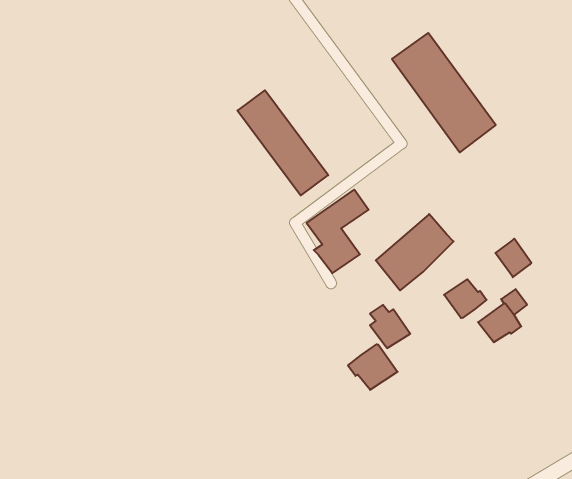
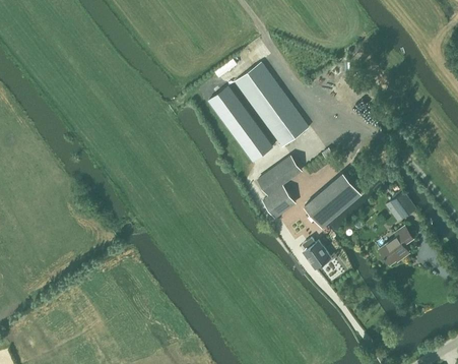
building: [392,33,496,152] -> [235,63,308,147]
building: [444,279,487,318] -> none
building: [348,344,398,390] -> none

